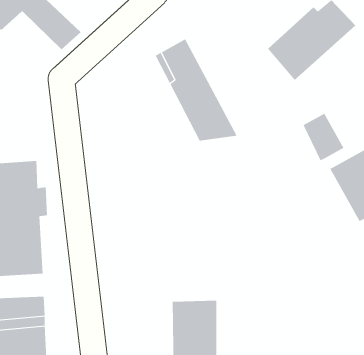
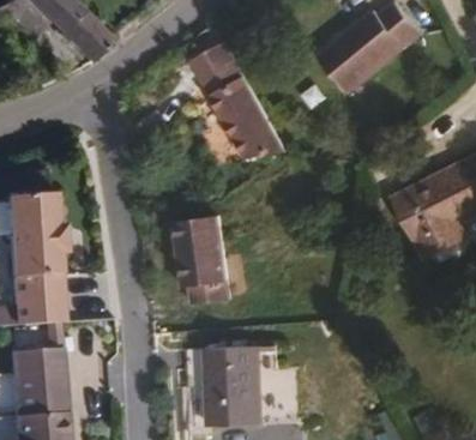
building: [303,113,344,161] -> none
building: none -> [173,217,222,305]

